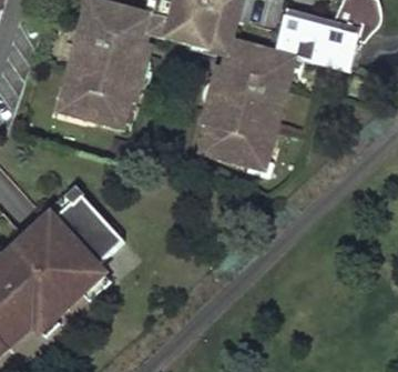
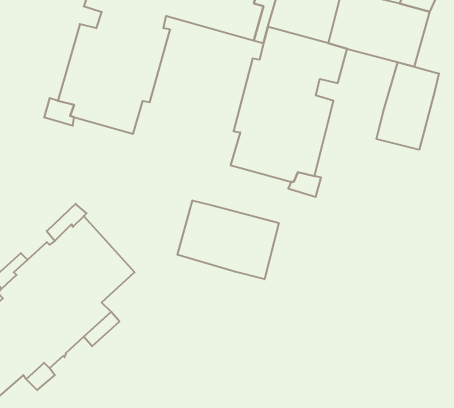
building: none -> [376,62,439,150]
building: none -> [178,200,279,279]

